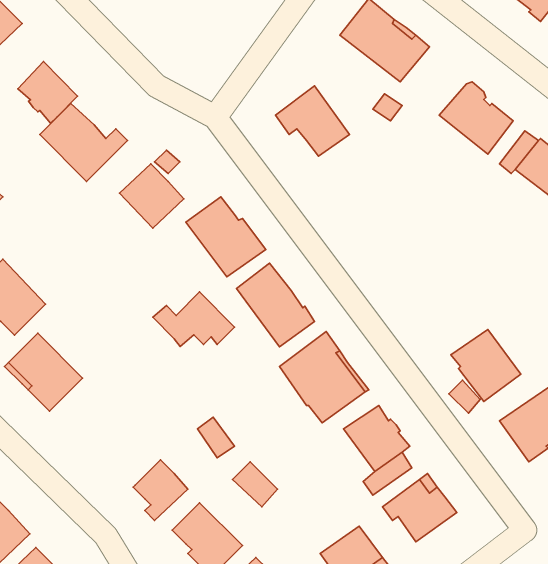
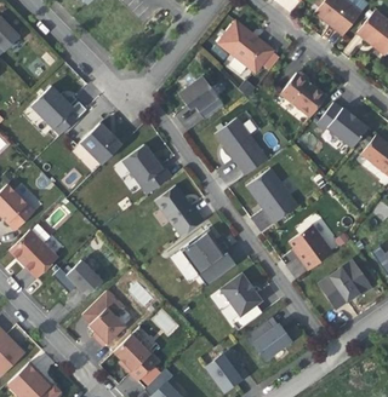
building: [18,62,78,123] -> none
building: none -> [215,117,268,176]
building: none -> [247,168,298,223]
building: [153,292,235,347] -> [52,259,103,293]
building: none -> [82,290,124,323]

